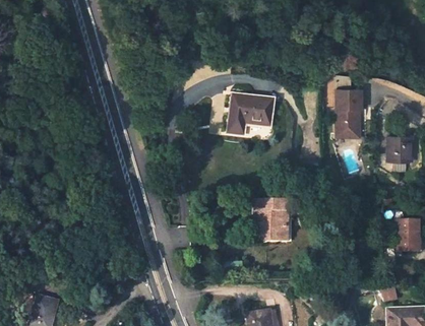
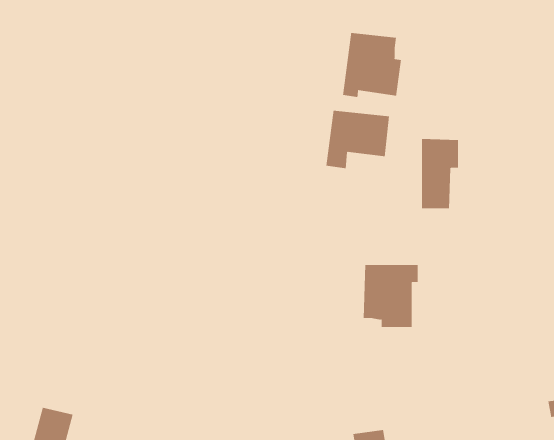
building: none -> [342,32,401,98]
building: [336,88,361,136] -> [421,138,459,209]

